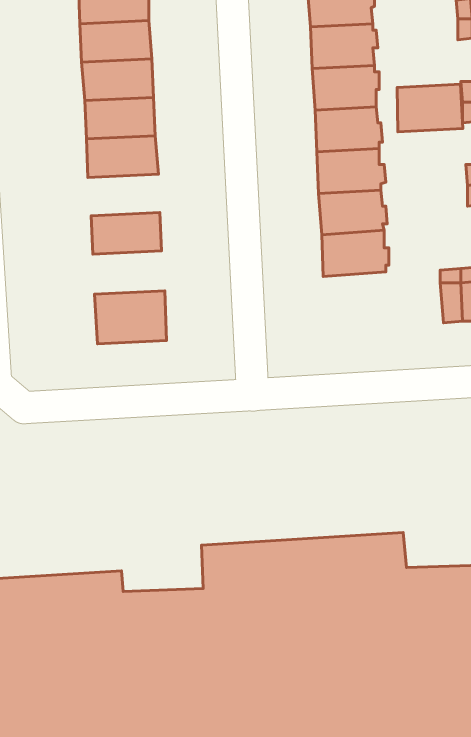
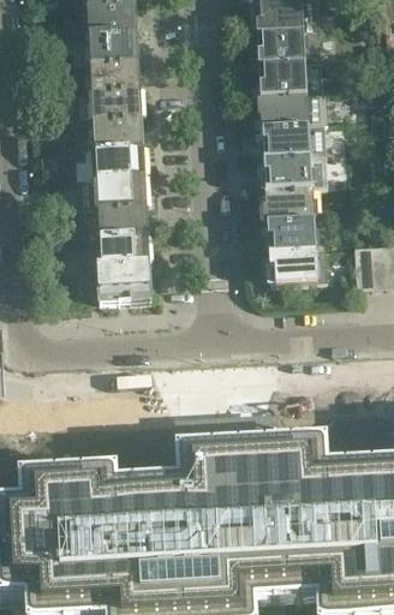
building: [397,84,463,132] -> none
building: none -> [91,165,145,196]
building: none -> [95,222,149,255]
building: none -> [268,238,320,275]

